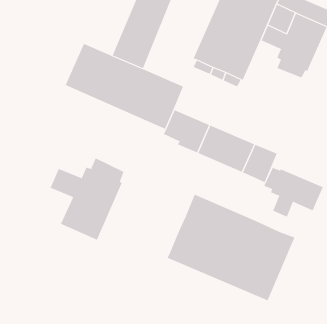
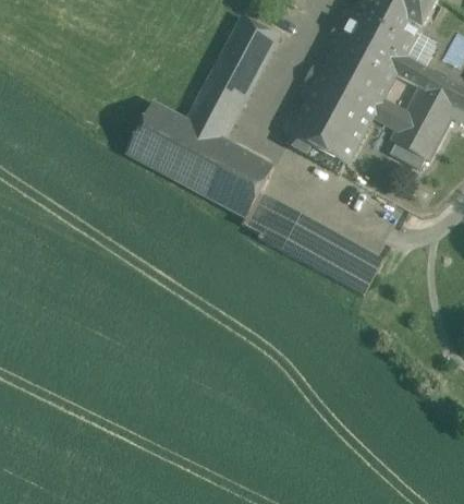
building: [50,157,124,241] -> none
building: [263,167,323,218] -> none
building: [167,194,295,301] -> none

